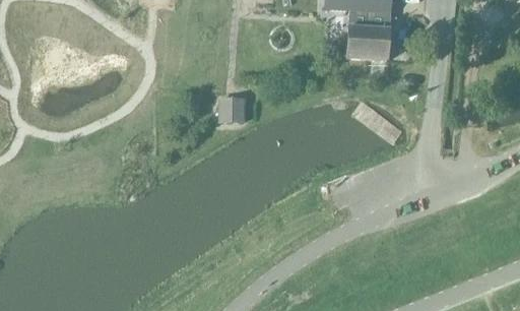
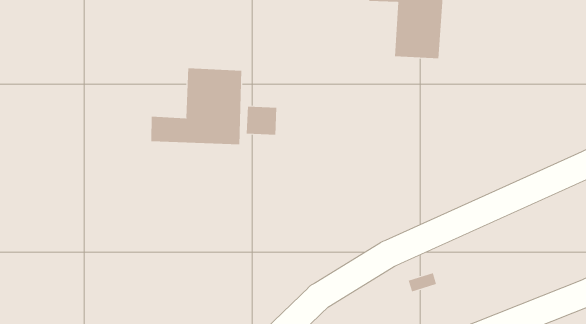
building: none -> [151,68,242,145]

